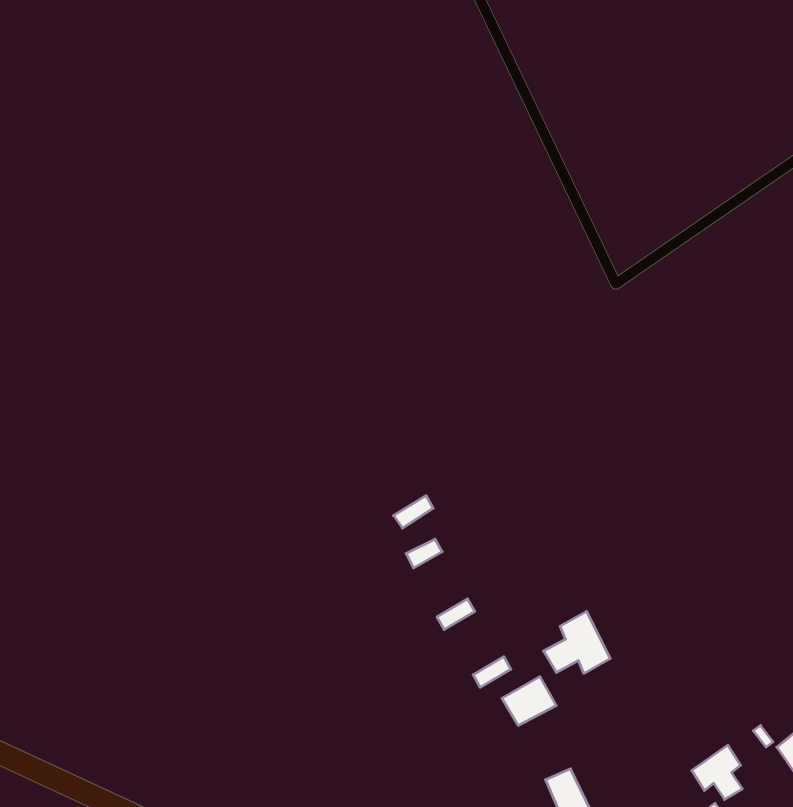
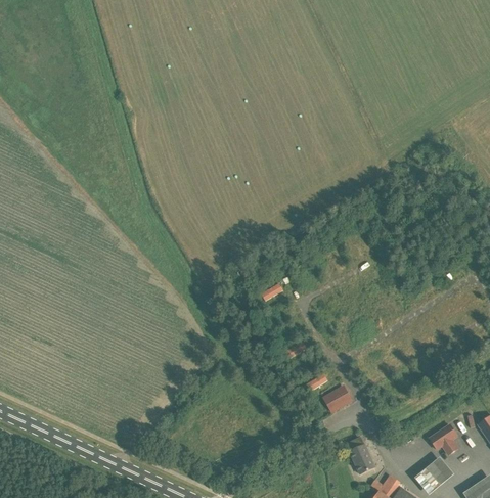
building: [543,611,610,673] -> none

